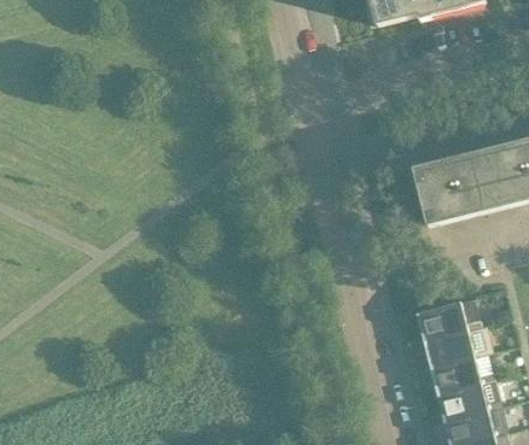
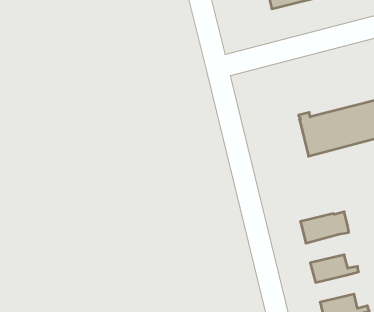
building: [422,326,487,364] -> none
building: [435,380,500,417] -> none

